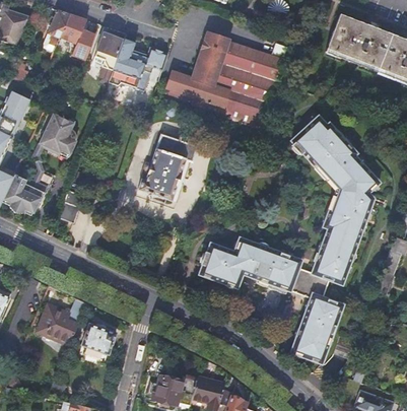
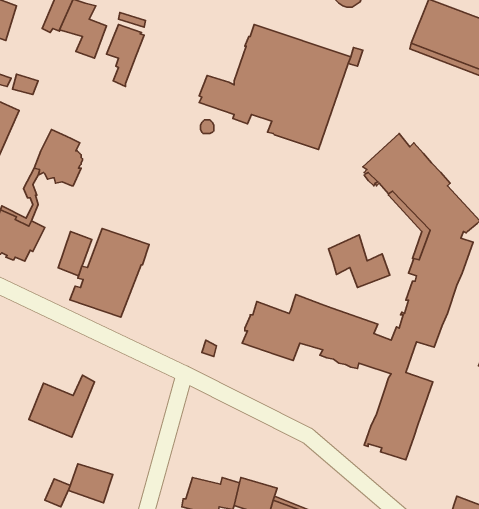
building: [110,33,168,89] -> none
building: [135,134,195,201] -> [70,228,149,317]
building: none -> [328,235,390,287]
building: [82,324,116,353] -> [69,464,113,503]

